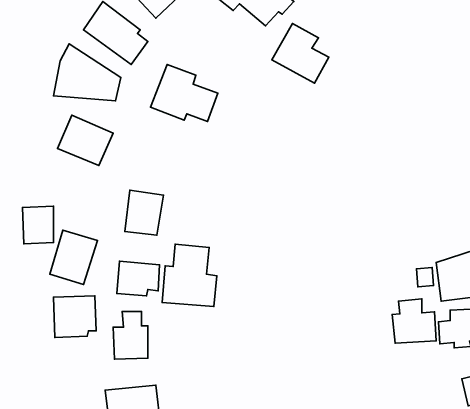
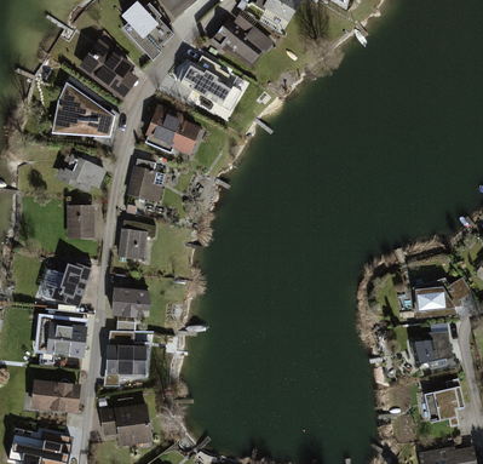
building: [272,24,329,83] -> [180,55,234,110]
building: none -> [125,164,165,205]
building: [23,206,54,244] -> [65,204,94,239]
building: [162,244,217,306] -> none
building: [392,299,436,343] -> none
building: none -> [28,379,81,416]

